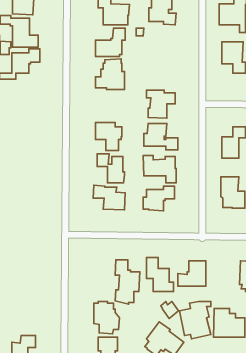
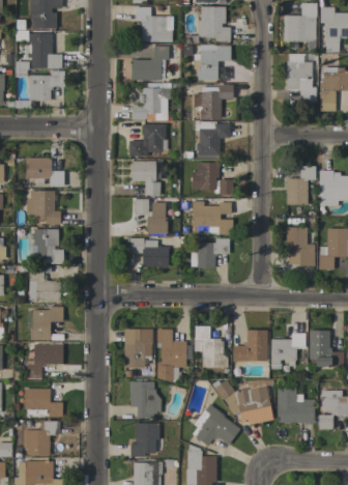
building: none -> [198,44,231,80]
building: none -> [194,85,233,119]
building: none -> [128,124,168,156]
building: none -> [26,158,64,187]
building: none -> [27,191,60,224]
building: none -> [29,229,64,263]
building: none -> [29,272,60,302]
building: none -> [27,307,63,340]
building: none -> [124,329,153,368]
building: none -> [271,333,306,369]
building: none -> [27,344,63,378]
building: none -> [24,389,63,417]

